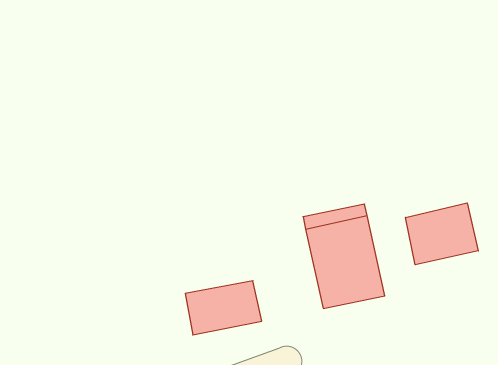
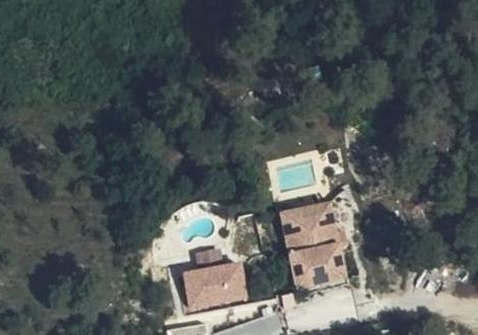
building: [406,203,478,265] -> none

